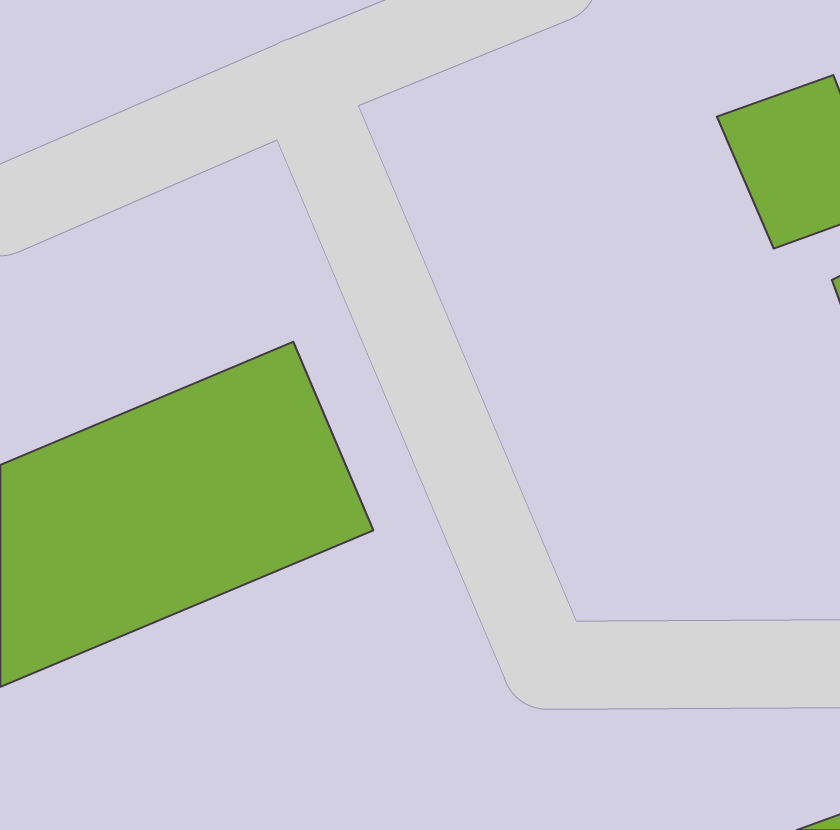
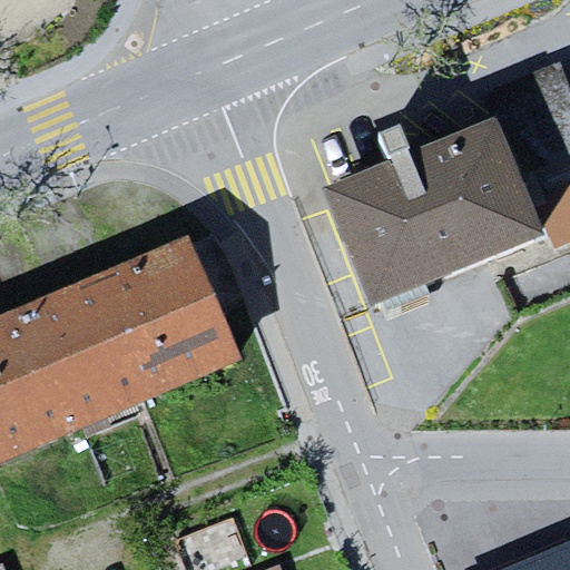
building: none -> [320,121,535,305]

